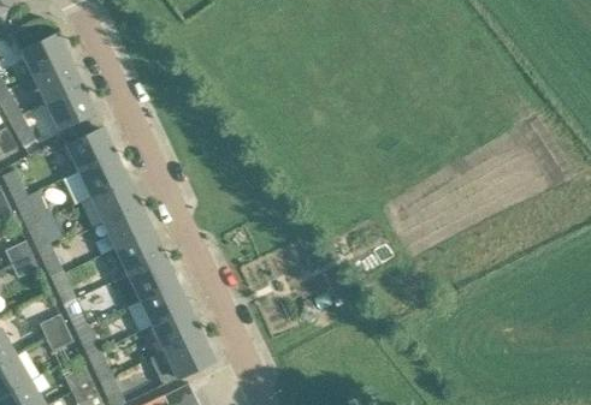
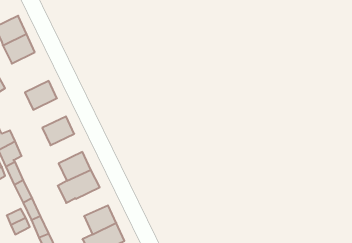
building: [47,85,94,135] -> none
building: [63,153,126,203] -> none
building: [104,204,150,248] -> none
building: [141,282,188,324] -> none

